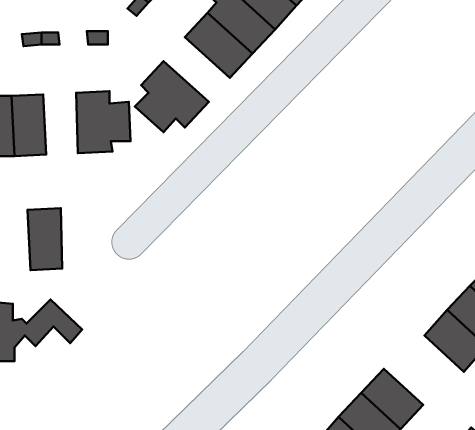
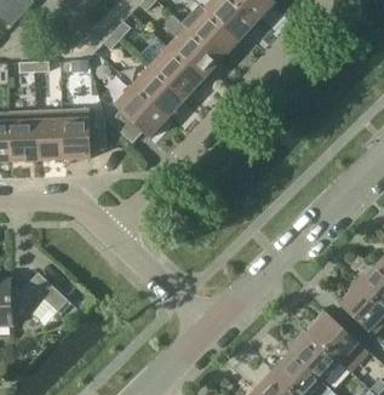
building: none -> [132,65,185,118]
building: [28,208,62,270] -> [35,110,63,160]
building: none -> [309,313,357,361]

